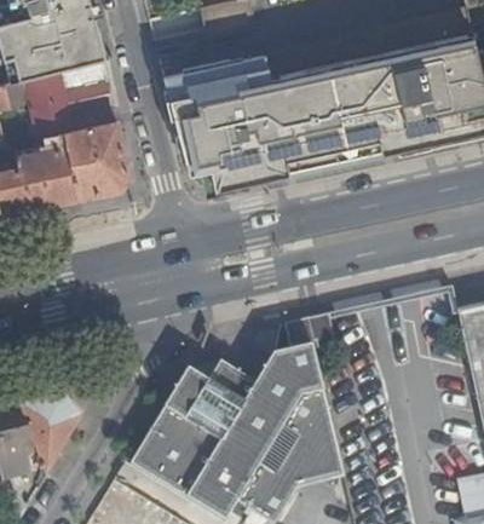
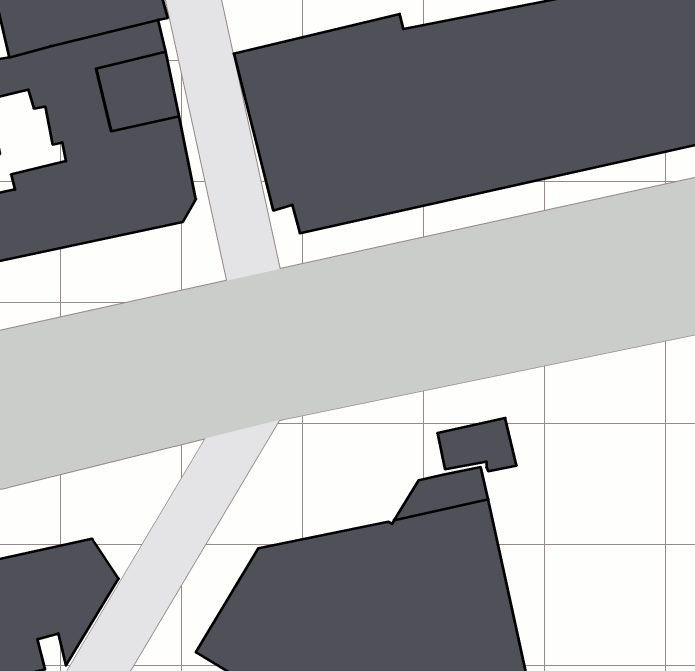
building: [169,363,253,398] -> none

